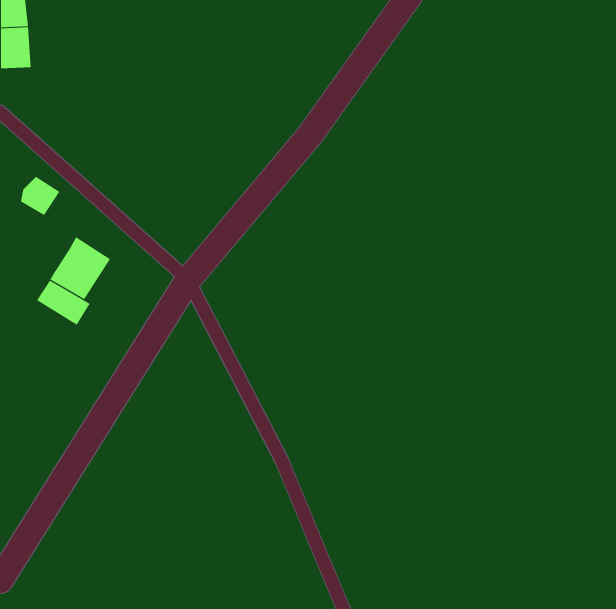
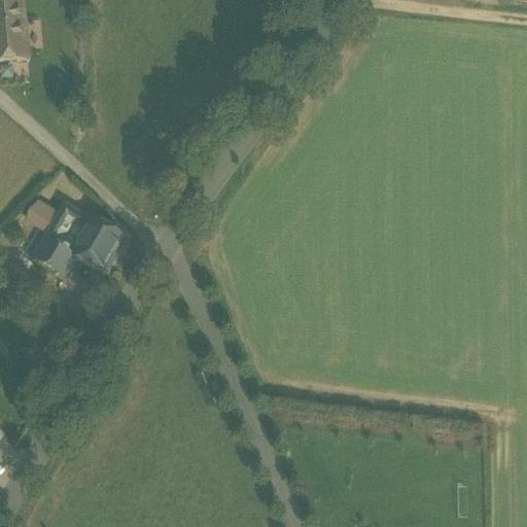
building: [20,176,60,216] -> [26,198,60,232]
building: none -> [72,220,121,273]

